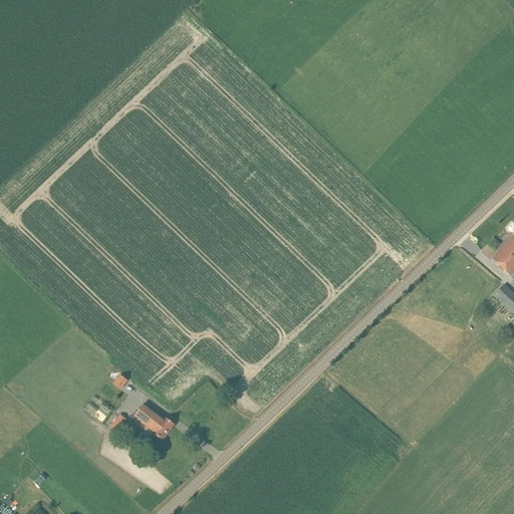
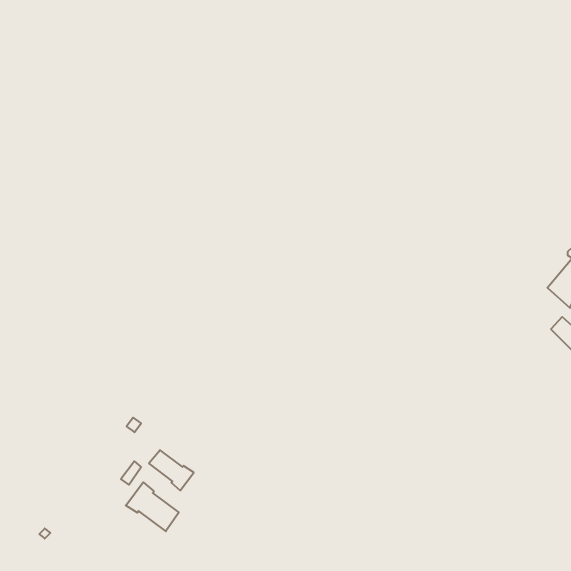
building: none -> [126,482,179,531]

